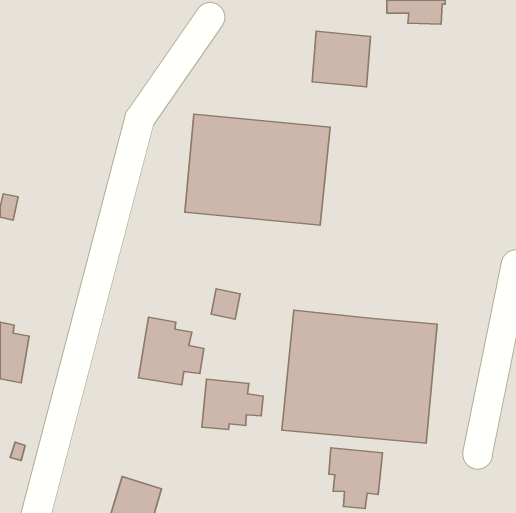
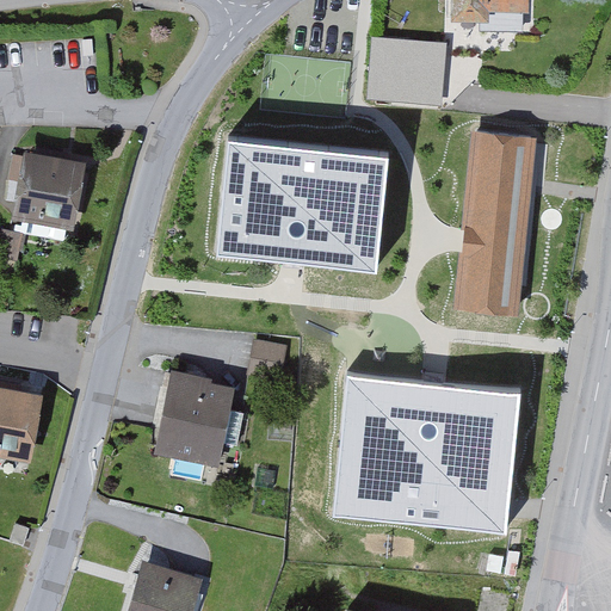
building: none -> [456,130,536,317]
building: none -> [12,152,79,242]
building: [202,379,263,430] -> none
building: [329,448,383,509] -> none

